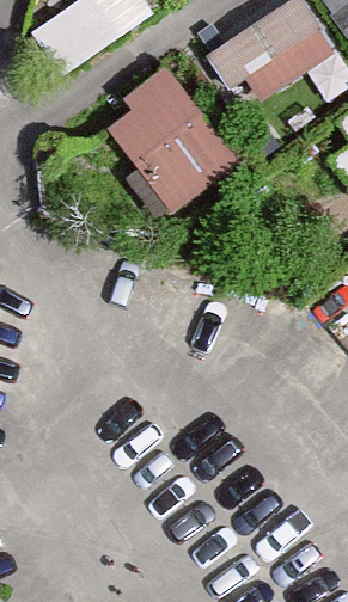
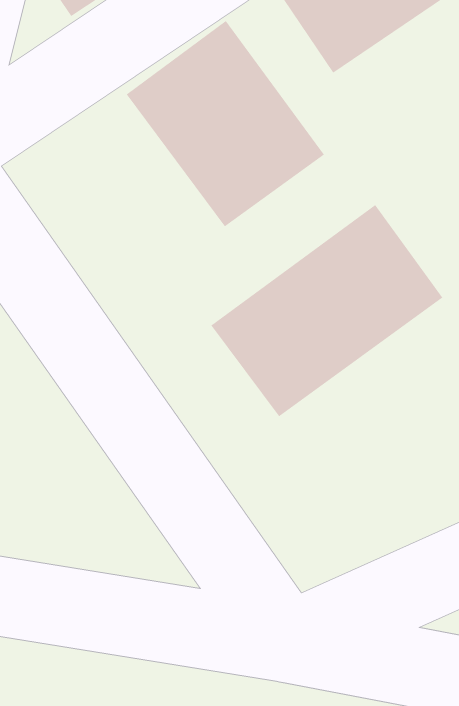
building: none -> [210,204,443,417]

